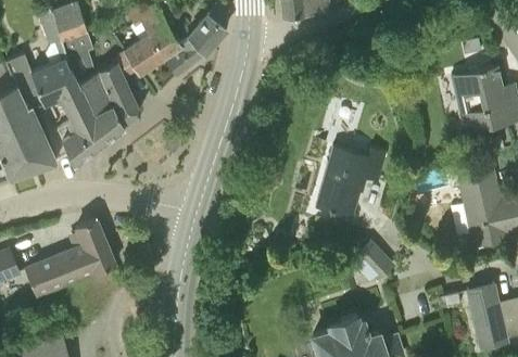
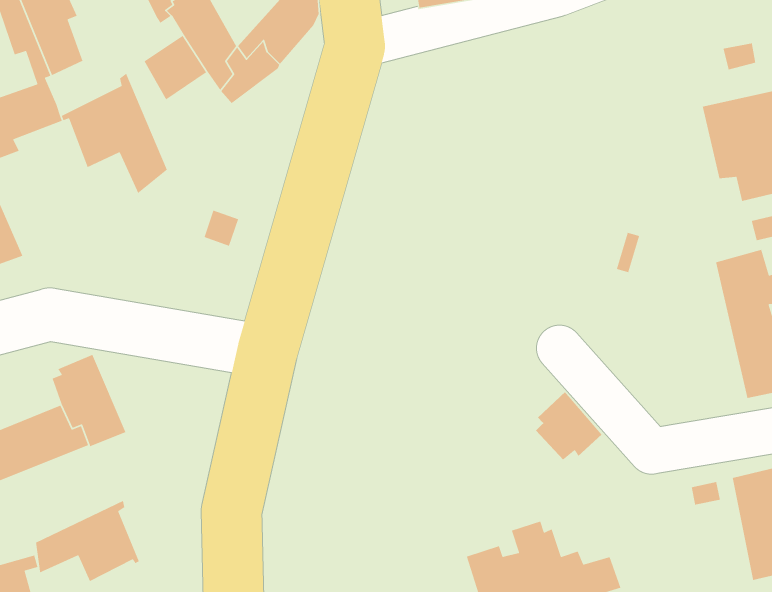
building: [51,82,123,164] -> none
building: [316,142,387,216] -> none
building: none -> [35,500,140,582]

